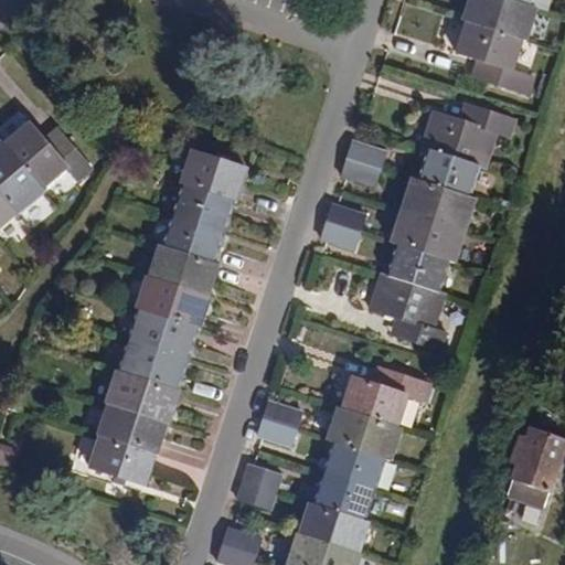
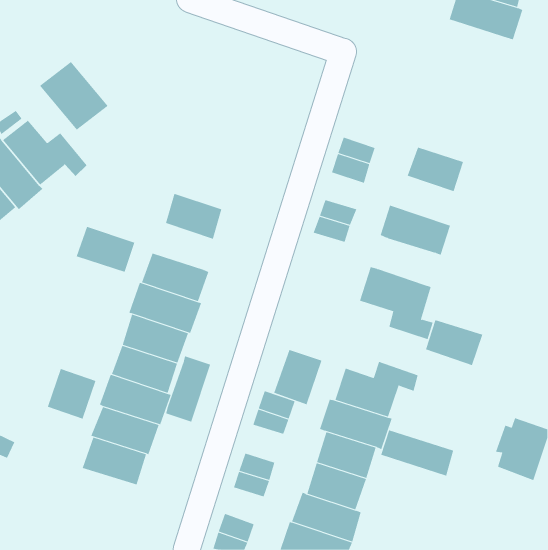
building: [456,22,527,94] -> none
building: none -> [39,61,108,131]
building: [418,105,511,168] -> none
building: [174,162,242,215] -> none
building: [398,179,471,231] -> none
building: [158,228,218,276] -> [76,226,135,273]
building: [386,244,446,291] -> [425,319,483,366]
building: none -> [273,349,322,405]
building: none -> [166,355,211,423]
building: none -> [47,368,96,419]
building: none -> [380,430,454,476]

